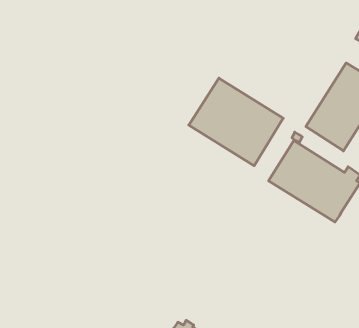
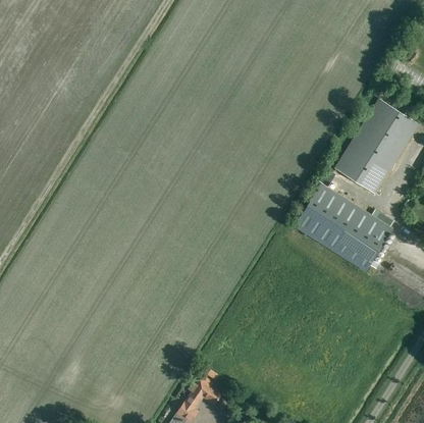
building: [189,78,283,166] -> none

